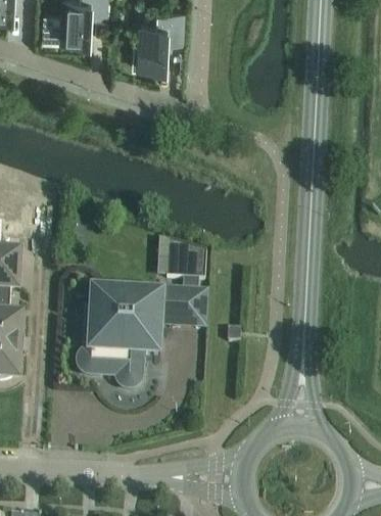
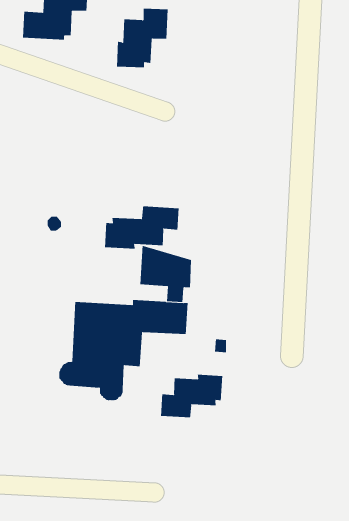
building: none -> [104,206,179,249]
building: none -> [161,374,223,418]

